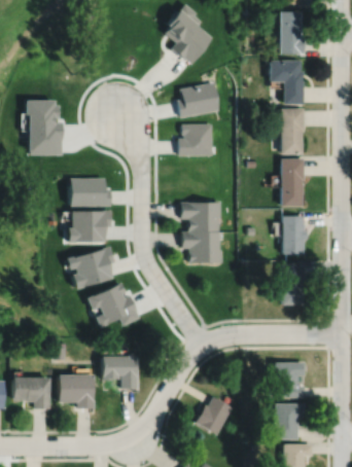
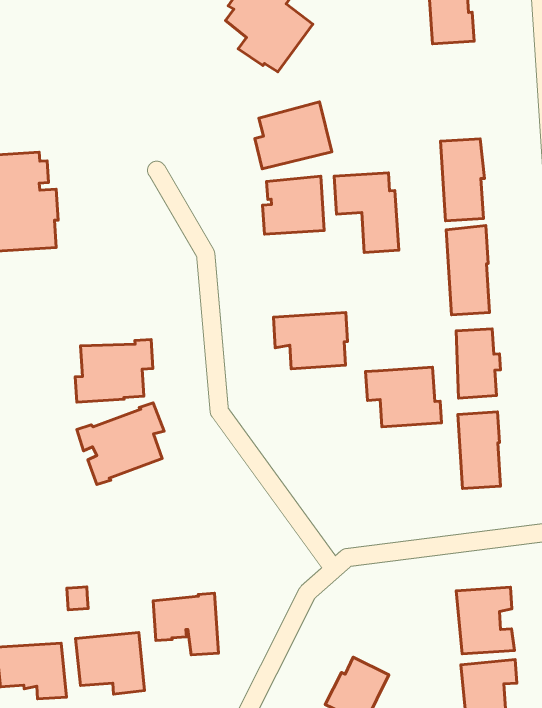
building: [271,60,305,104] -> [334,173,399,252]
building: [69,178,110,207] -> none
building: [182,231,223,263] -> [366,367,442,427]
building: [86,283,140,328] -> none

